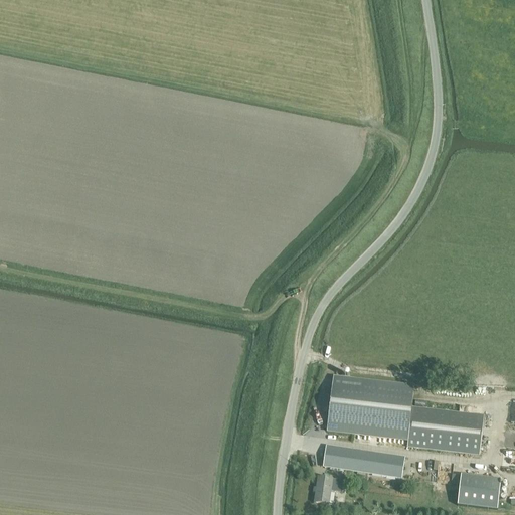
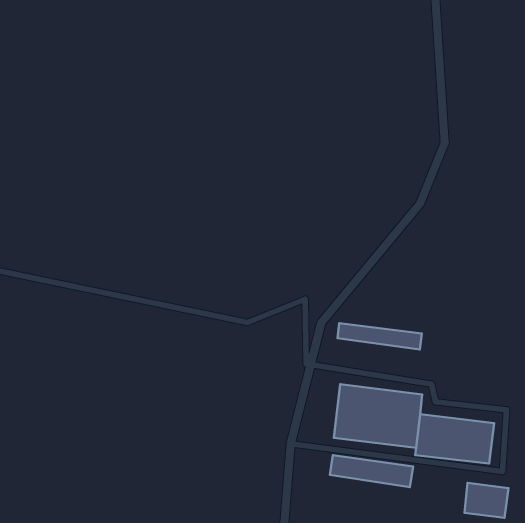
building: none -> [337,323,422,349]
building: [314,476,344,503] -> none

